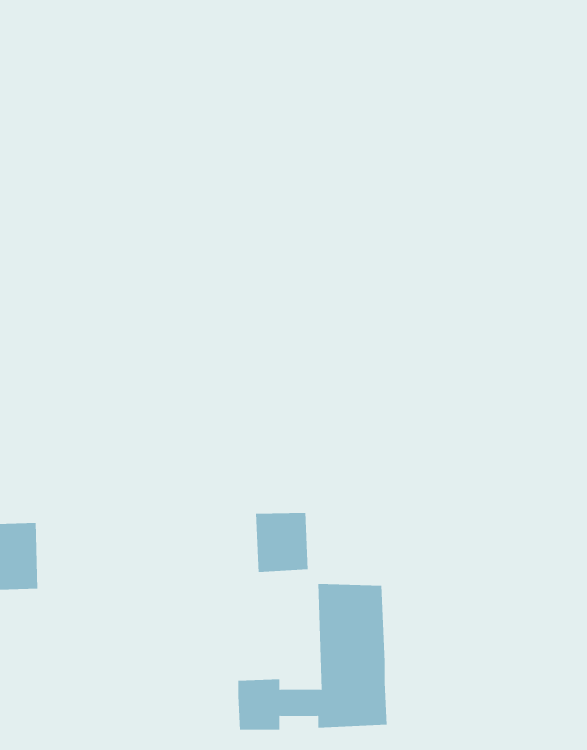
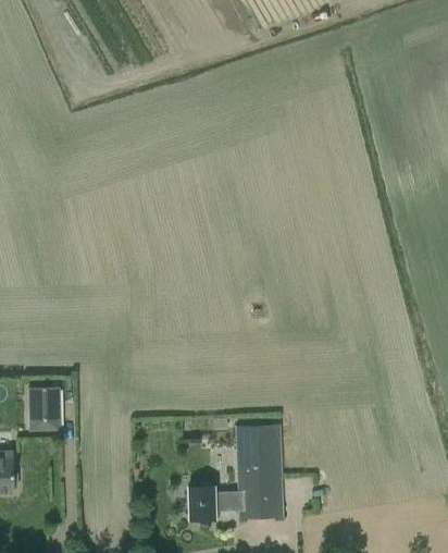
building: [255,512,308,573] -> none

